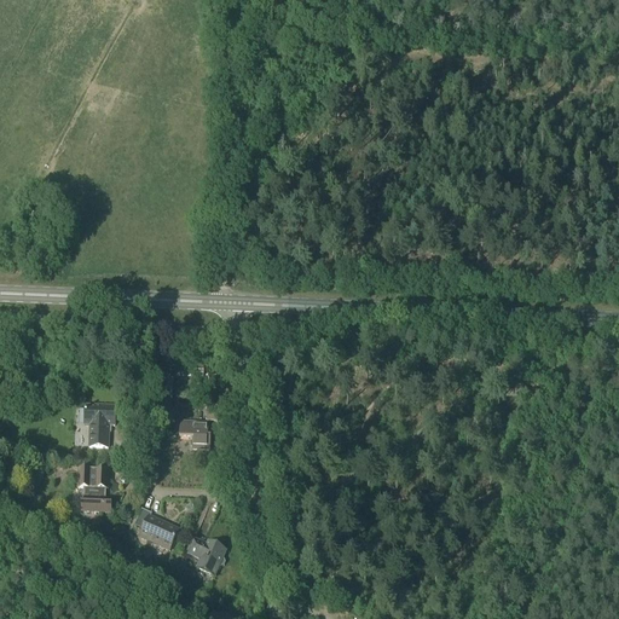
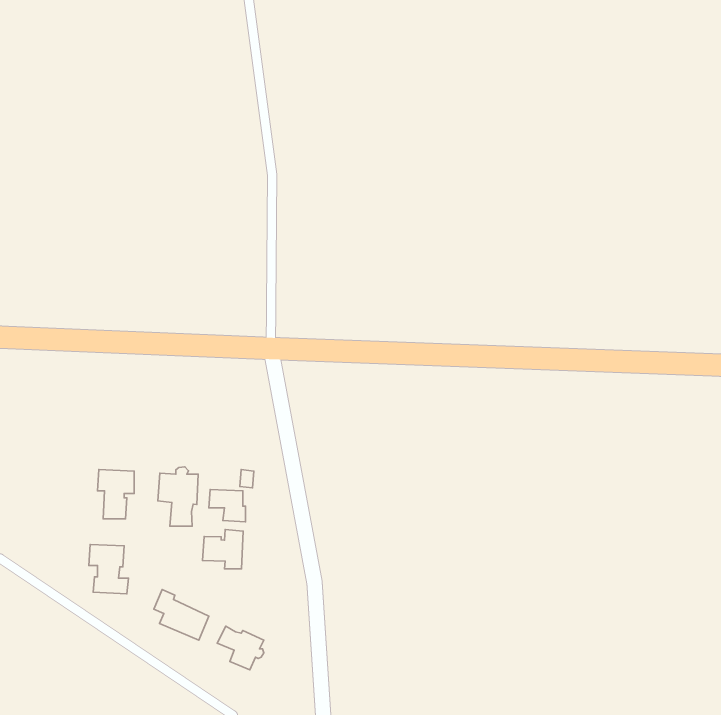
building: none -> [158,467,198,526]
building: none -> [202,529,243,569]

